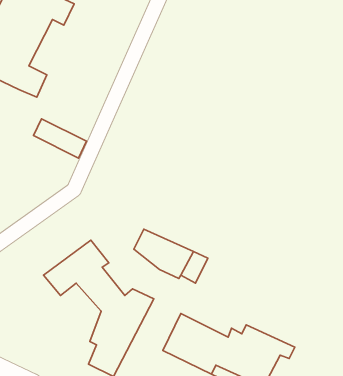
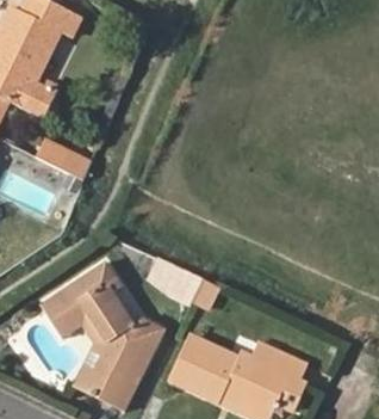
building: none -> [38,302,108,396]

